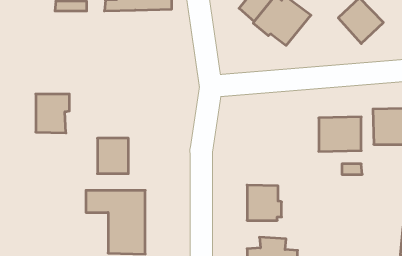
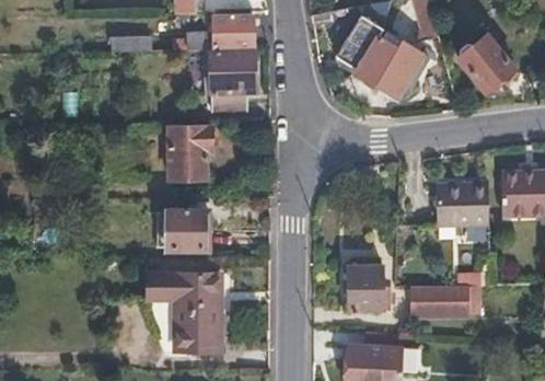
building: none -> [210,49,256,112]
building: [36,94,69,133] -> [171,129,212,177]
building: none -> [405,285,474,319]

